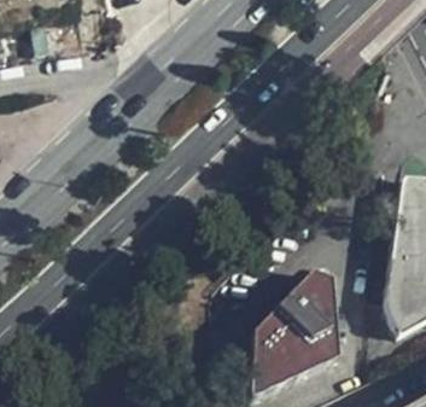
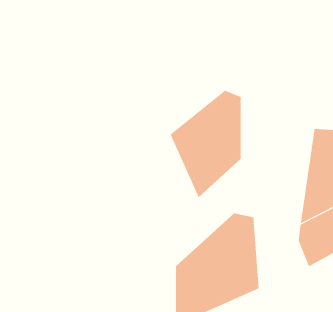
building: none -> [170,90,241,198]

